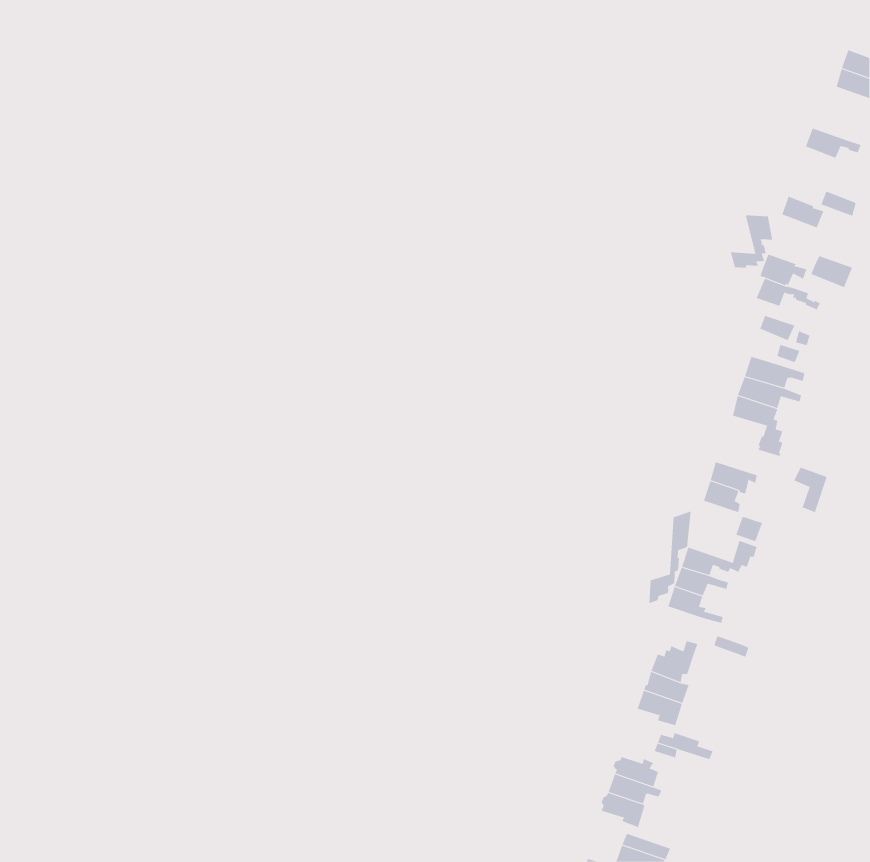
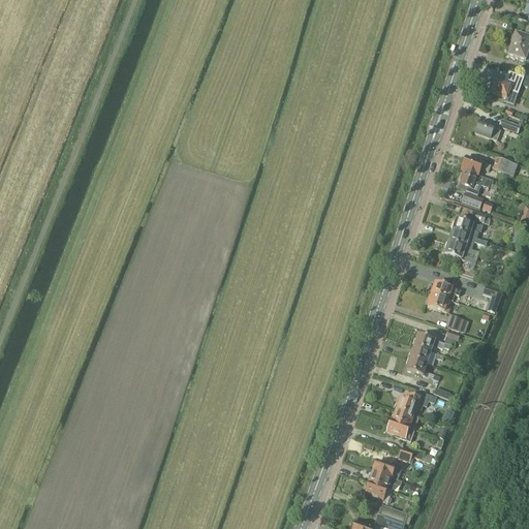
building: [730,215,773,269] -> none
building: [649,511,691,604] -> none

